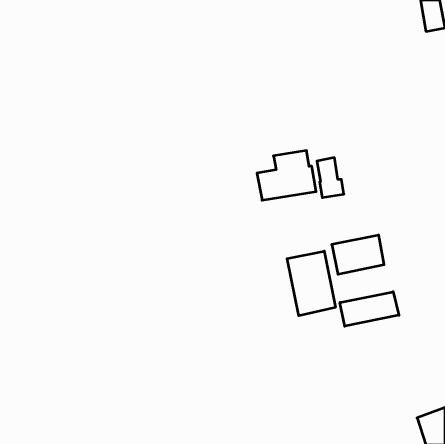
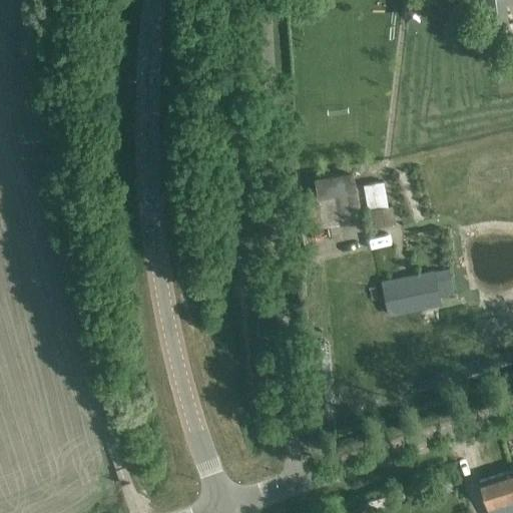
building: [287,251,335,316] -> none
building: [340,292,399,326] -> none

